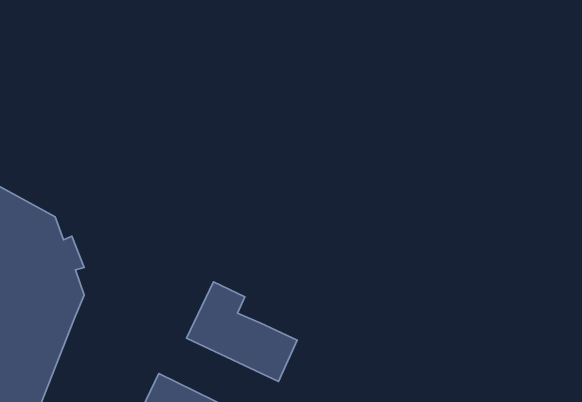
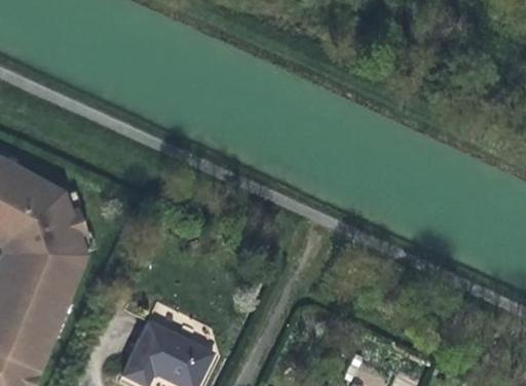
building: [186,282,297,382] -> none

